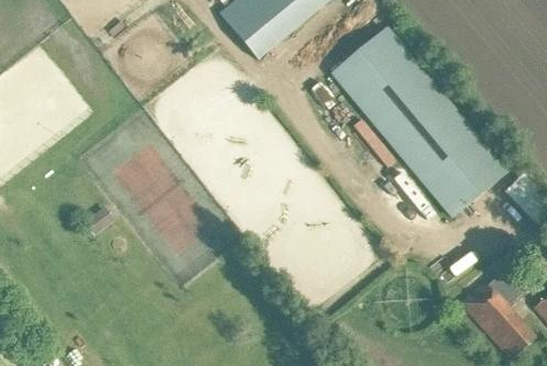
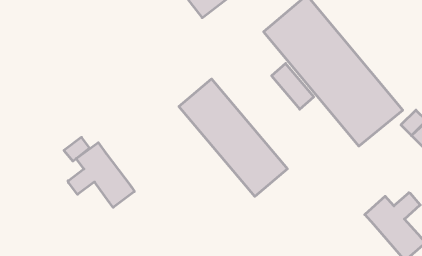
building: none -> [179,79,287,196]
building: none -> [68,143,134,207]

